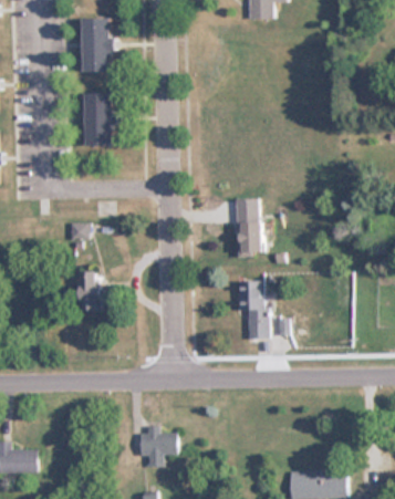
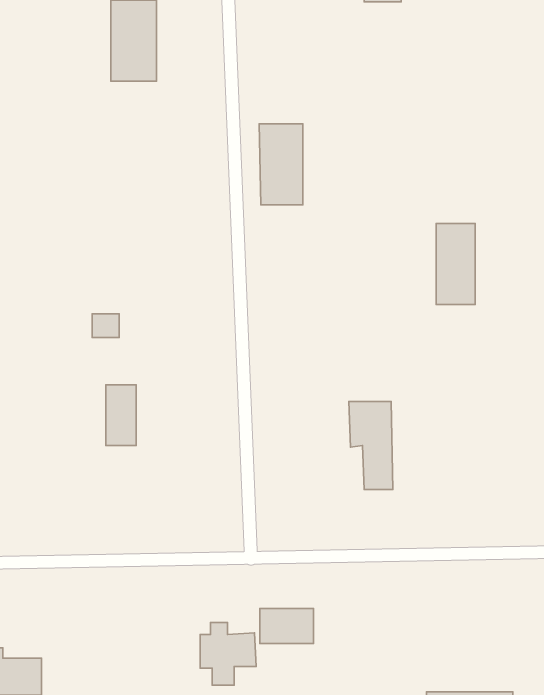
building: [84,93,113,146] -> [259,124,303,205]
building: [236,199,261,252] -> [436,223,475,304]
building: none -> [260,608,314,643]

